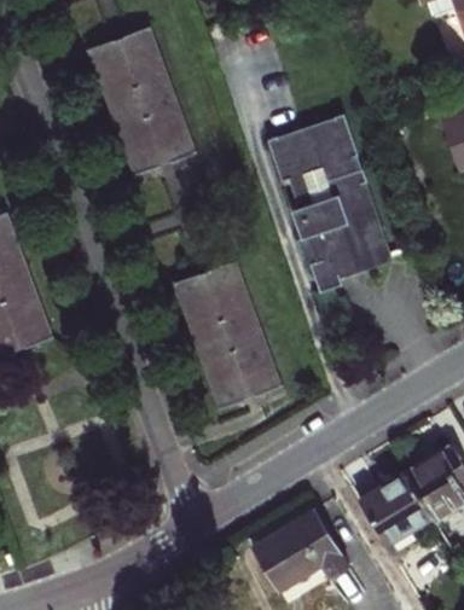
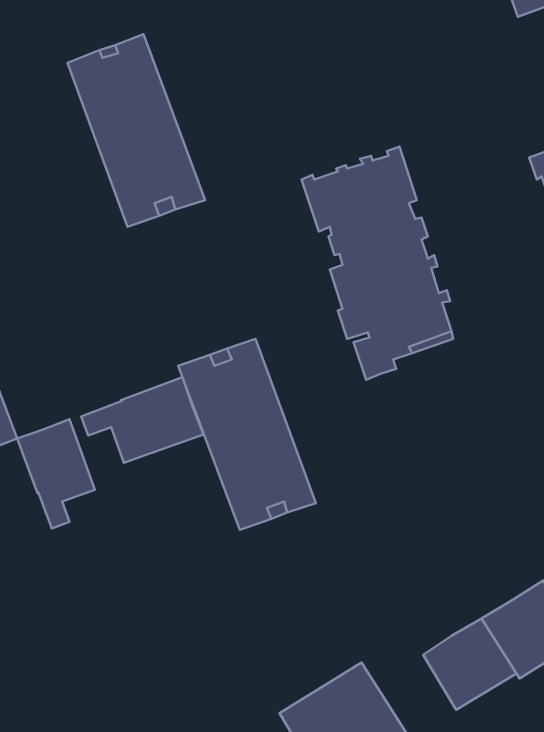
building: none -> [81,377,203,463]
building: none -> [17,419,95,528]

